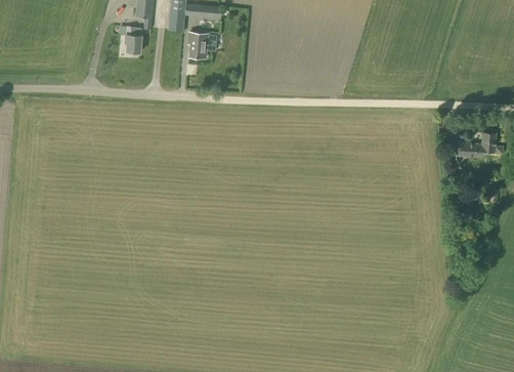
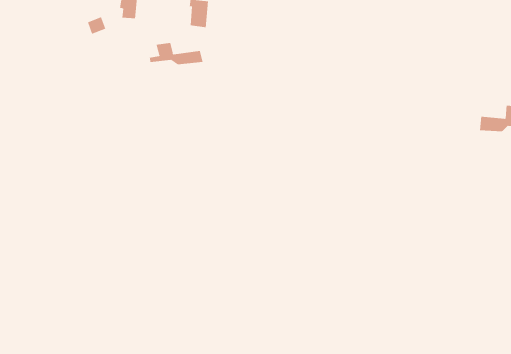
building: none -> [149,42,203,65]

